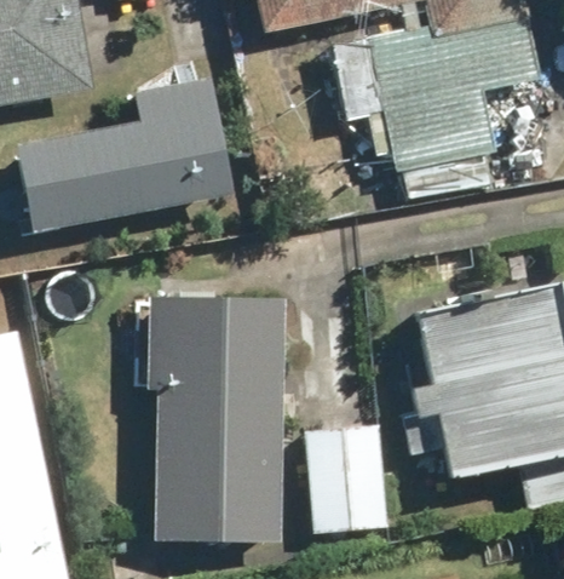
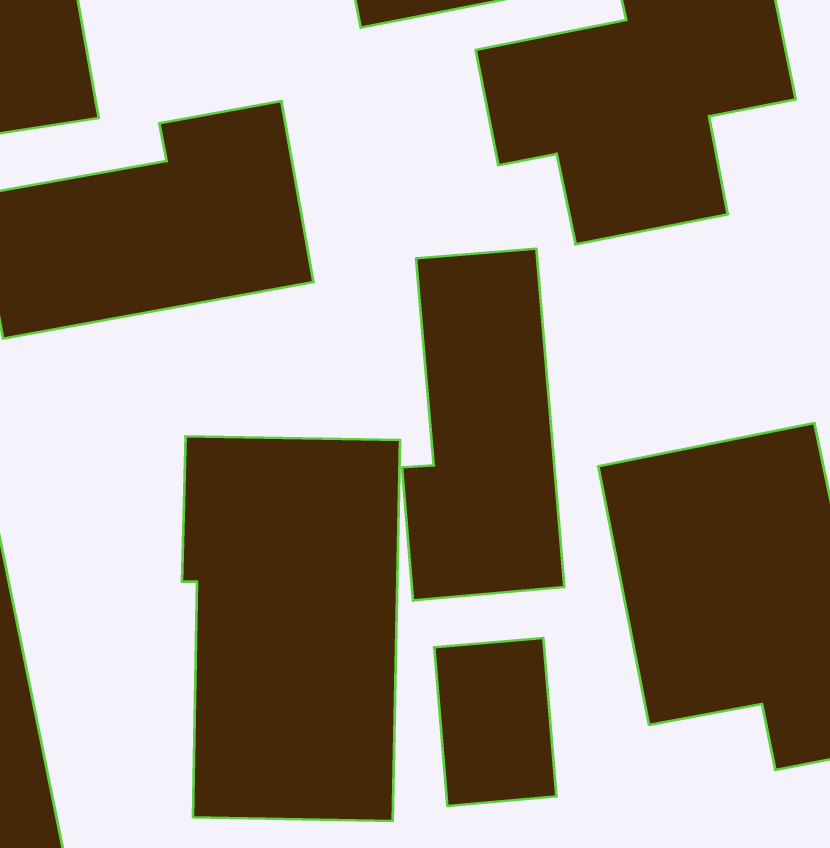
building: none -> [402,249,564,601]

